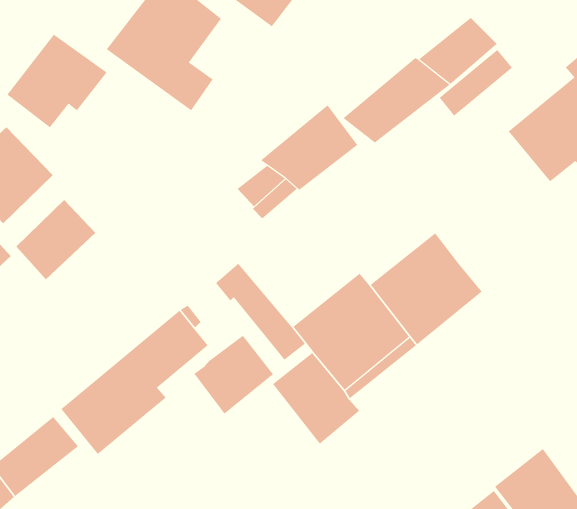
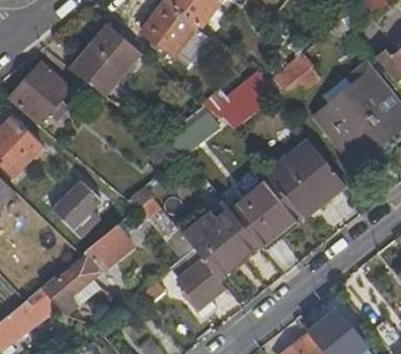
building: none -> [269,142,344,217]
building: [15,199,96,280] -> [47,178,97,227]
building: [194,335,274,414] -> none

